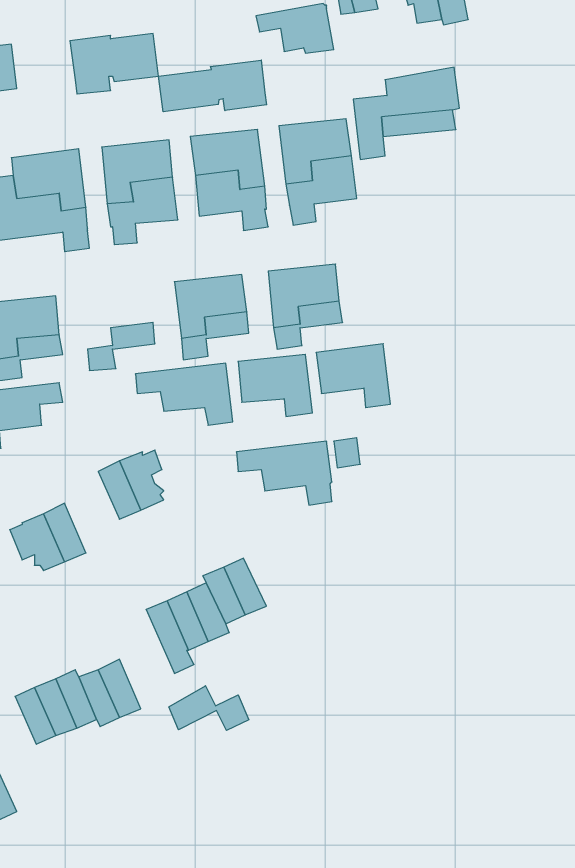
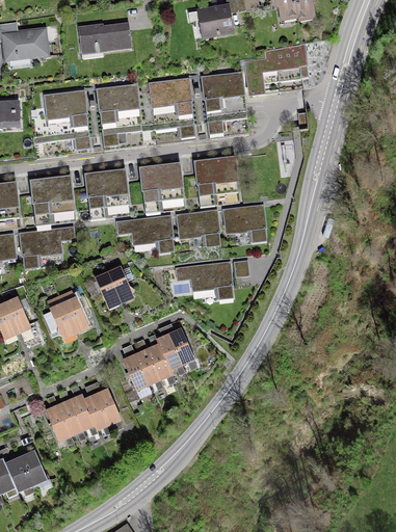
building: [158,60,267,112] -> none
building: none -> [84,169,127,207]
building: [169,686,249,730] -> none

